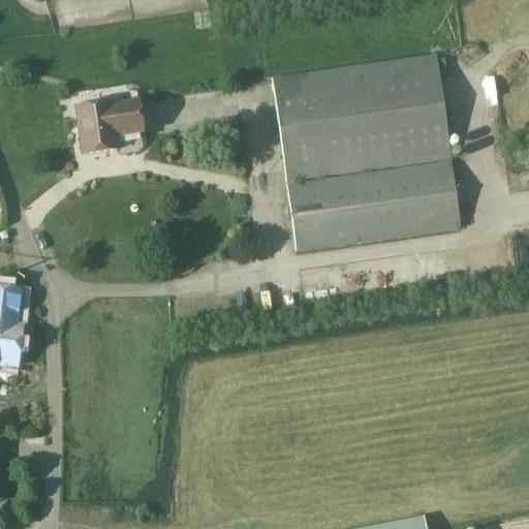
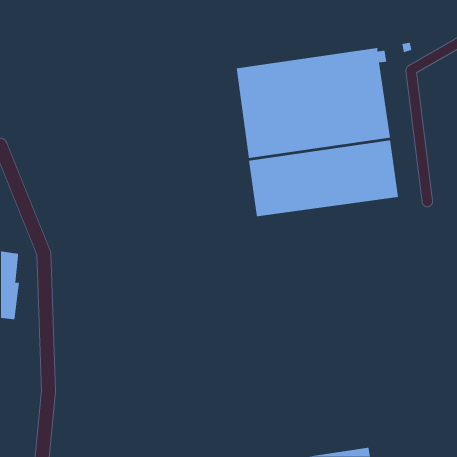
building: [79,102,145,154] -> none

